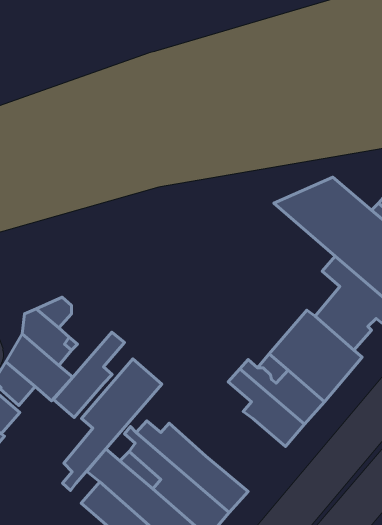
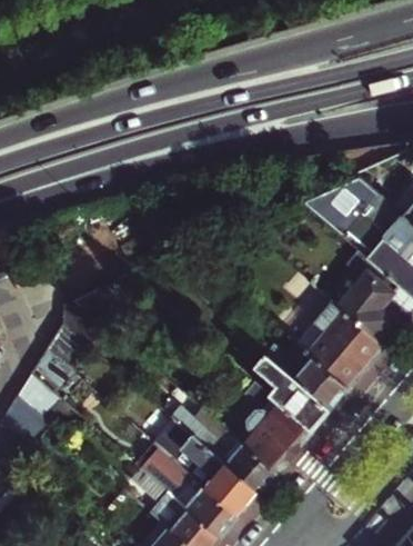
building: [54,332,125,417] -> none
building: [62,359,162,491] -> none
building: none -> [235,405,311,474]

